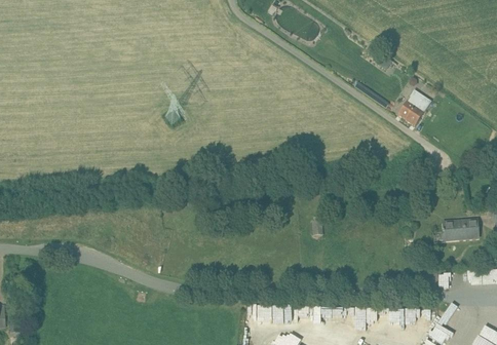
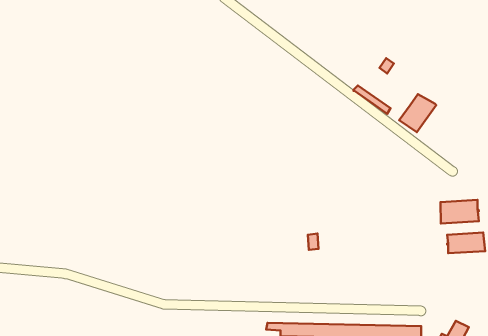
building: none -> [441,200,479,223]

